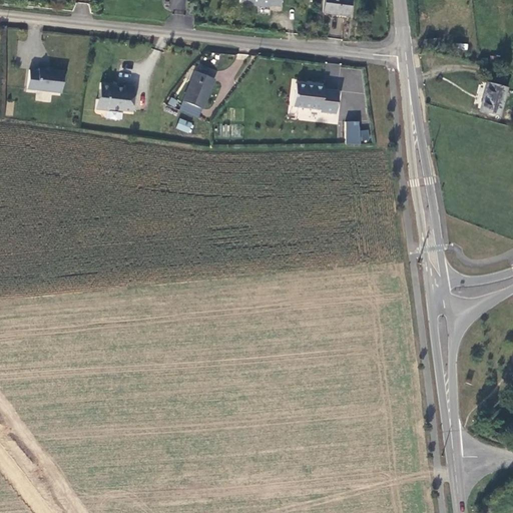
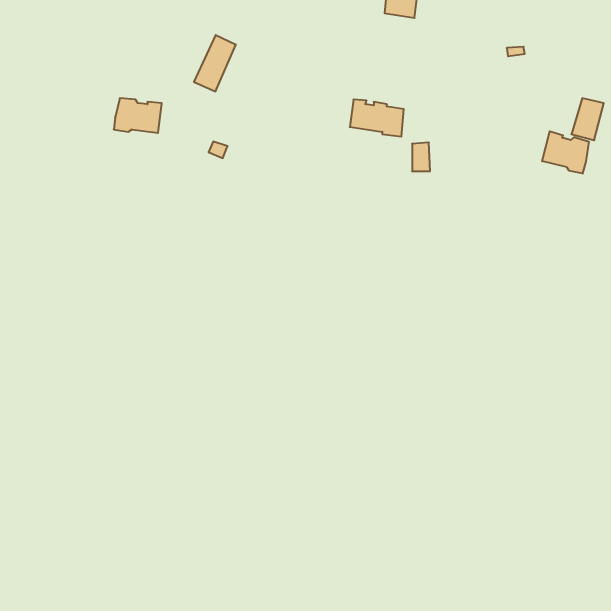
building: [28,66,65,91] -> none
building: [178,70,213,117] -> [194,35,236,91]
building: none -> [542,131,589,174]

